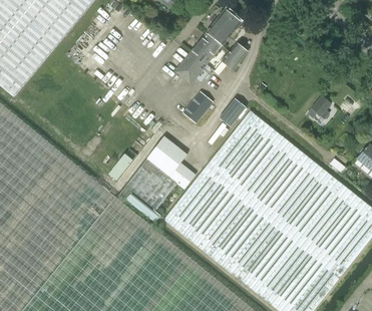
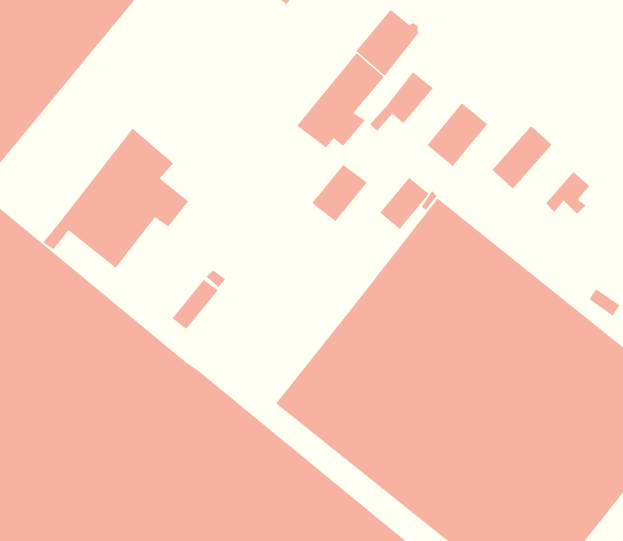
building: none -> [427,102,488,167]
building: none -> [491,125,552,190]
building: [116,136,195,212] -> [42,127,189,269]

